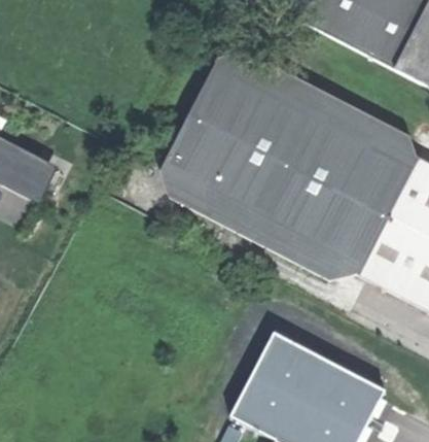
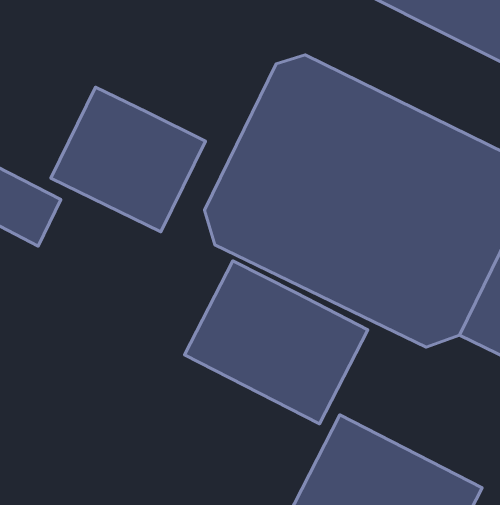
building: none -> [51,87,205,232]
building: none -> [185,261,368,424]

